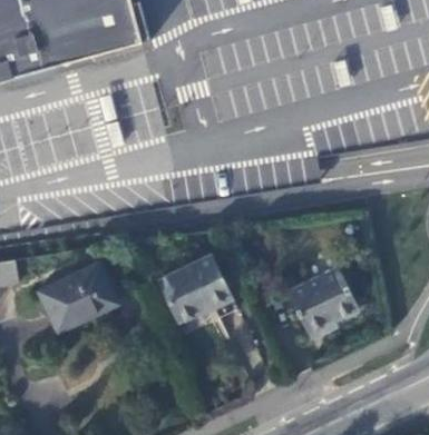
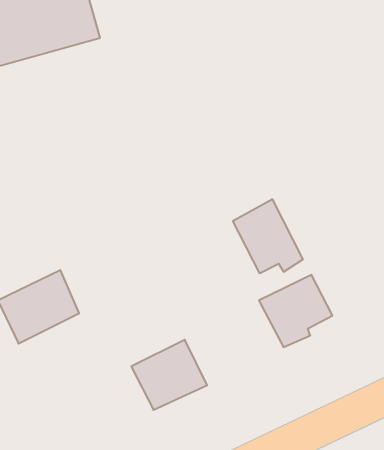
building: none -> [233,199,303,273]
building: [159,254,232,320] -> [131,340,207,410]

